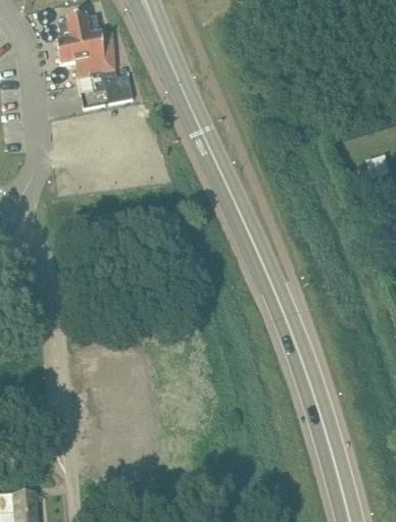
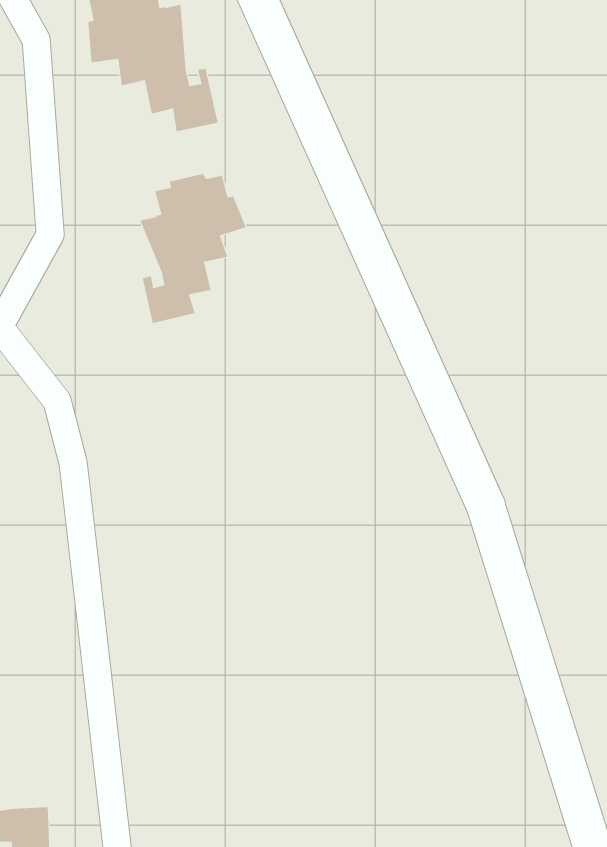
building: none -> [140,173,247,324]

